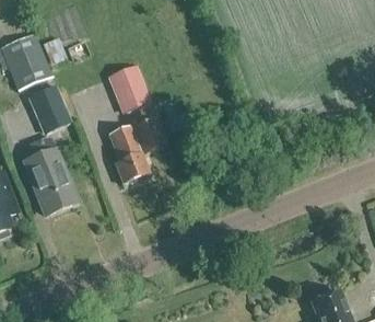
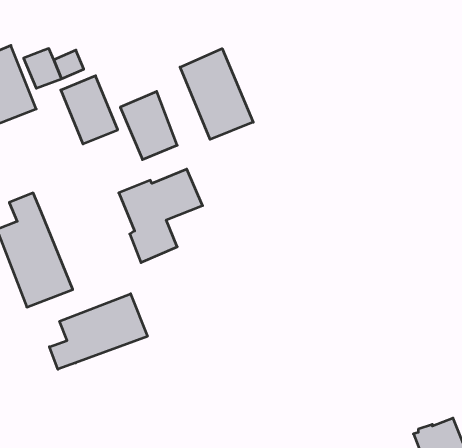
building: none -> [180,49,253,139]
building: [32,85,71,133] -> [61,76,118,144]
building: none -> [49,294,147,369]

